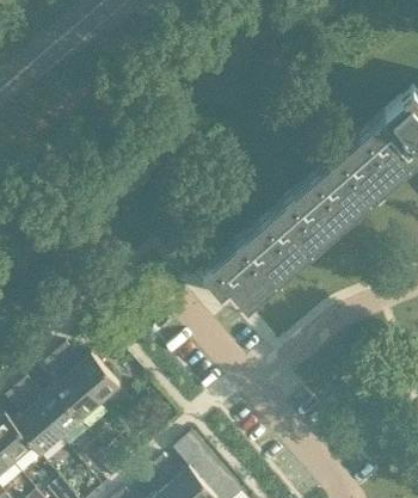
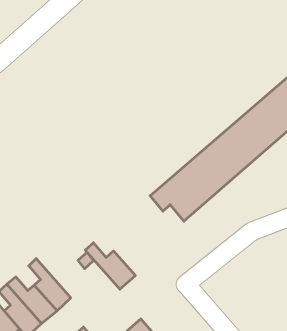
building: [51,351,117,412] -> [85,243,135,289]

